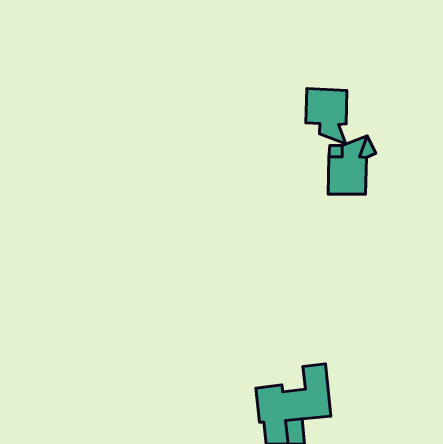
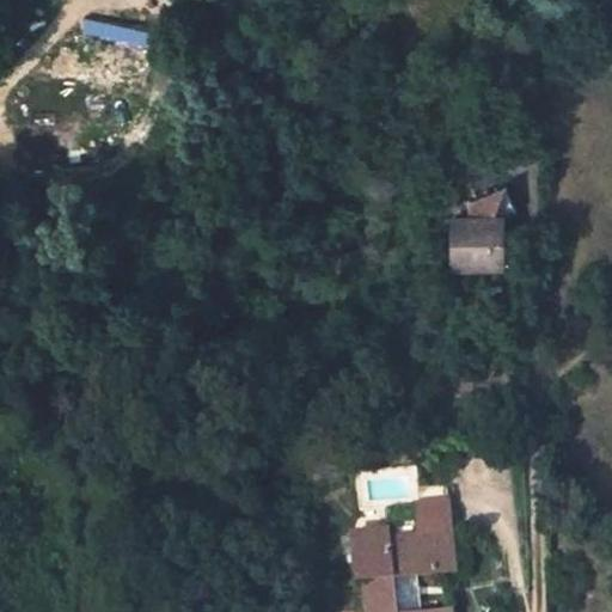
building: [306,89,347,144] -> none

